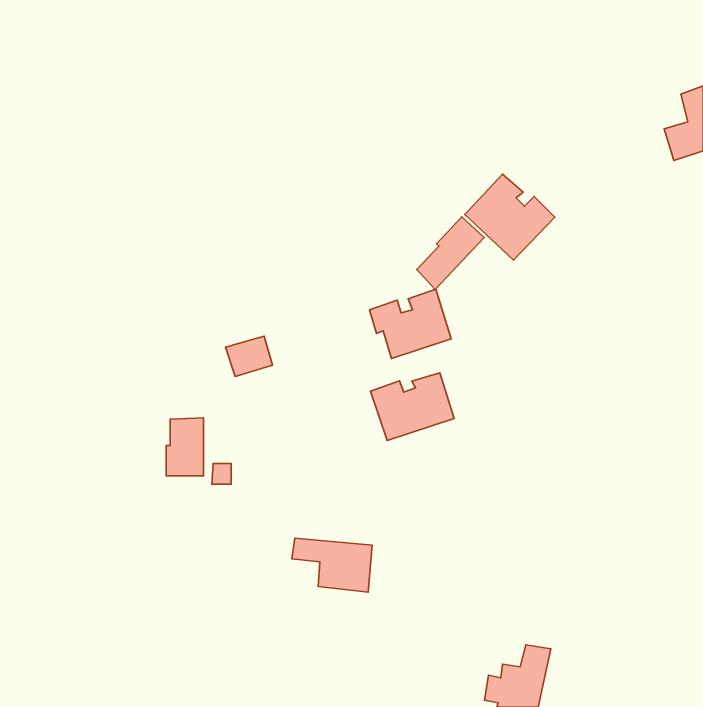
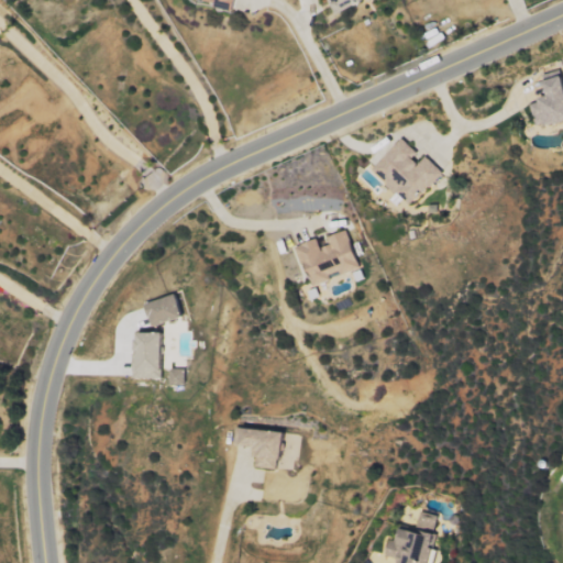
building: [417,217,484,289] -> none
building: [225,336,272,376] -> [143,295,180,327]
building: [370,373,454,440] -> none

